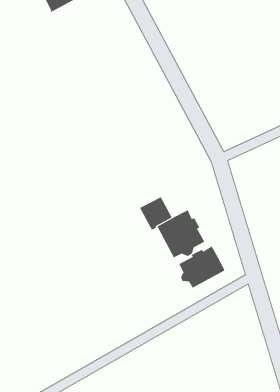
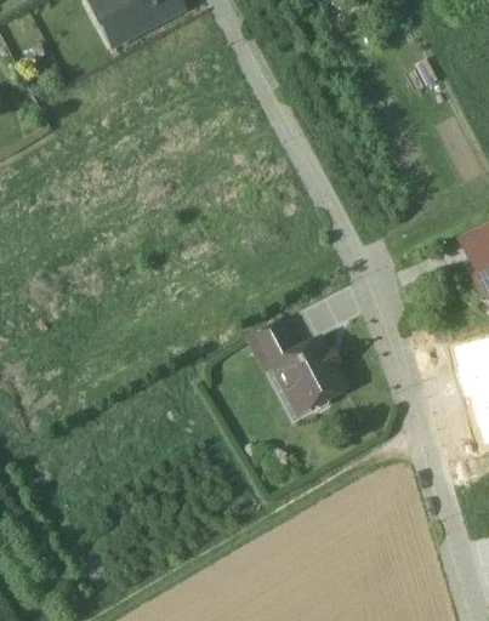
building: [178,245,226,289] -> none

